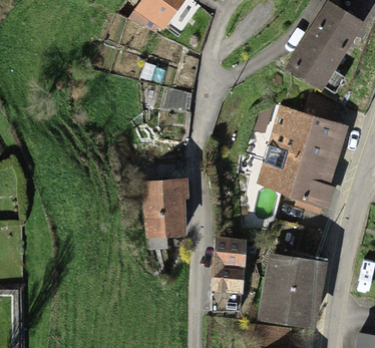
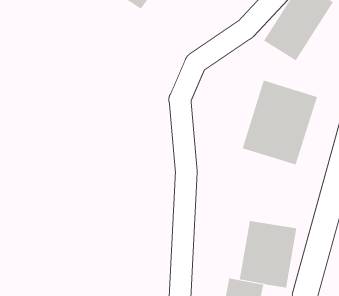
building: [147,181,183,232] -> none
building: [212,240,249,311] -> none

